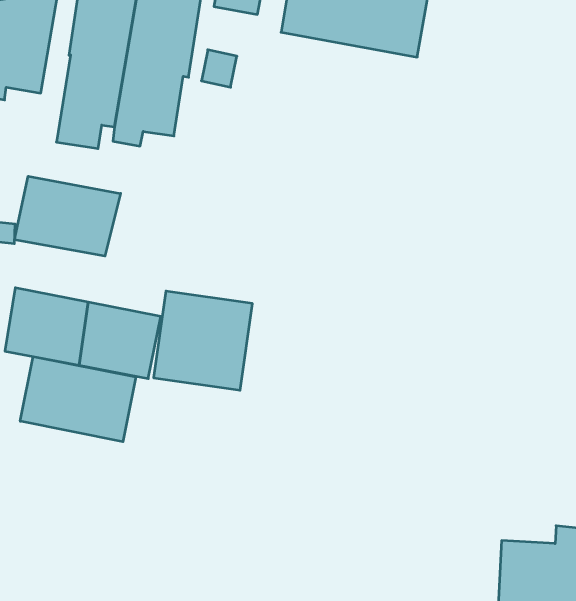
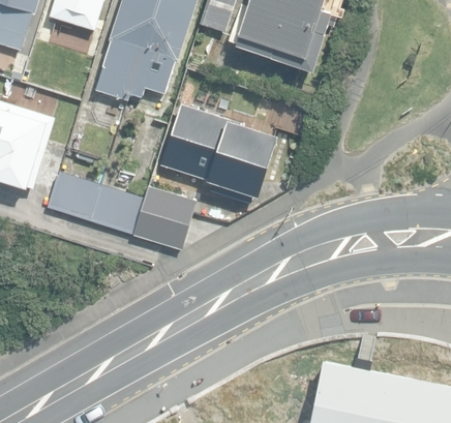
building: none -> [158,102,277,204]
building: [14,176,121,256] -> none
building: [20,357,136,442] -> none

